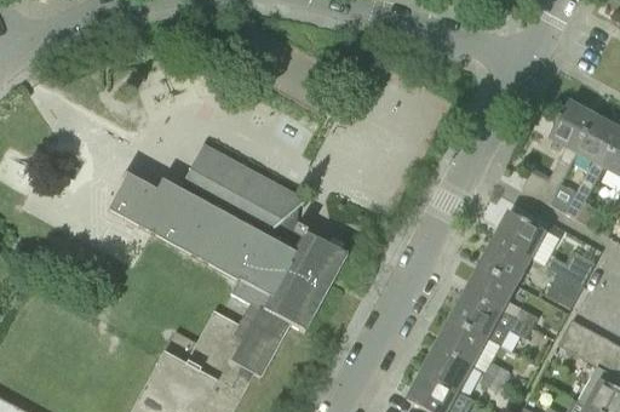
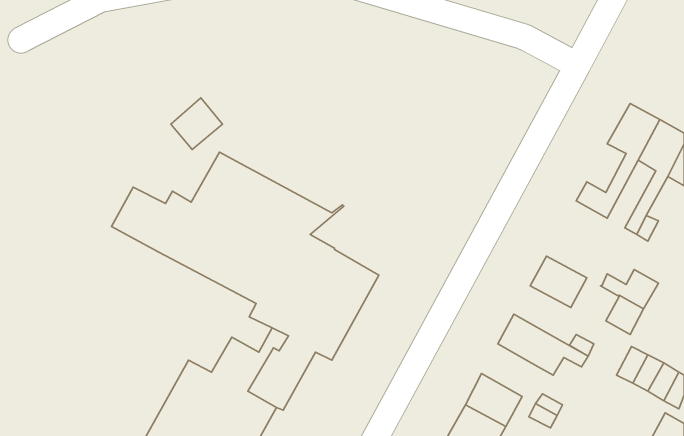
building: none -> [171,98,222,150]
building: [495,210,546,257] -> none
building: [466,264,517,310] -> none
building: [437,316,488,364] -> none

